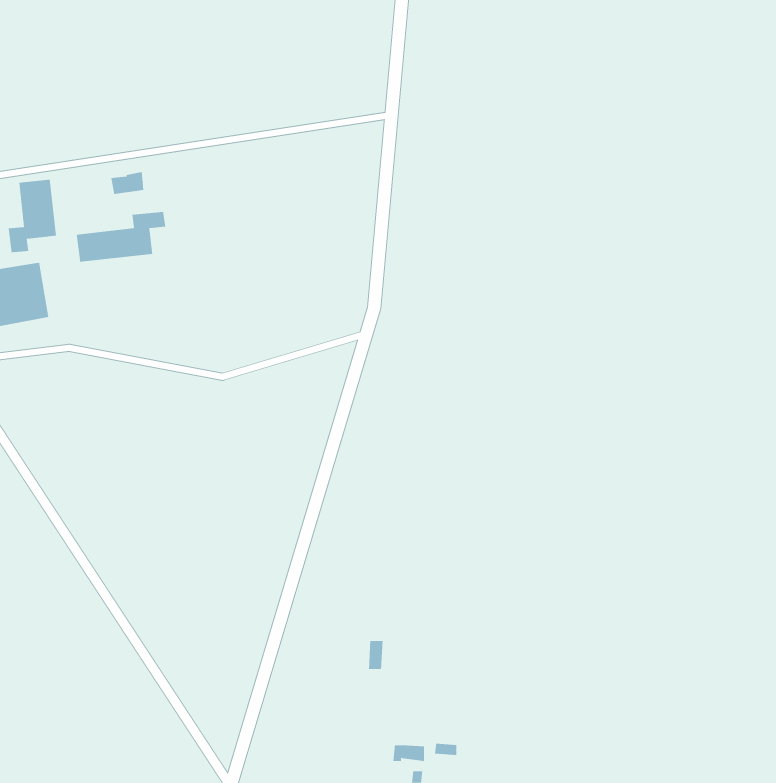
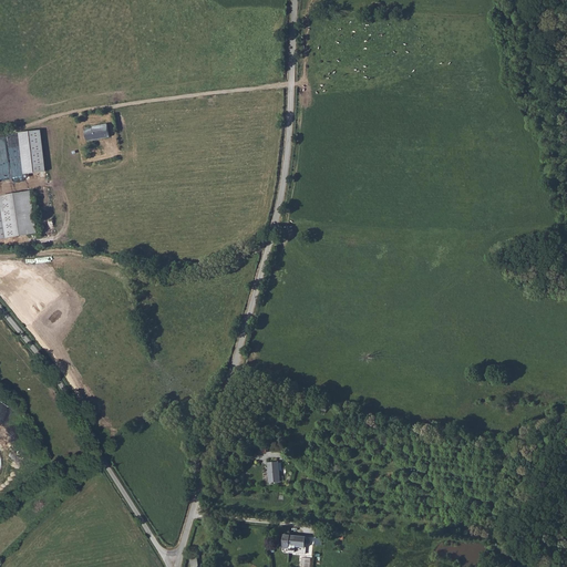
building: [76,211,166,262] -> none

